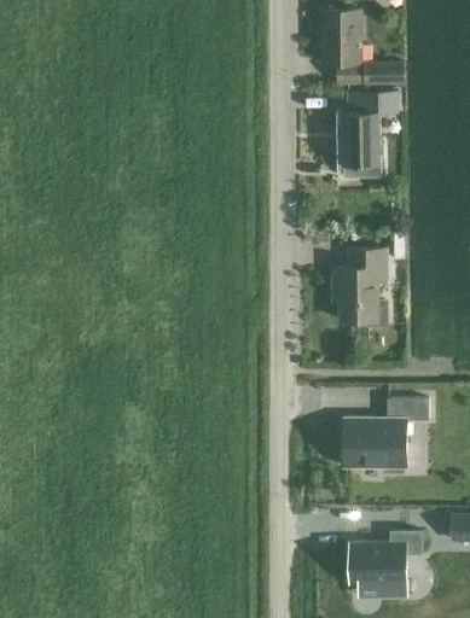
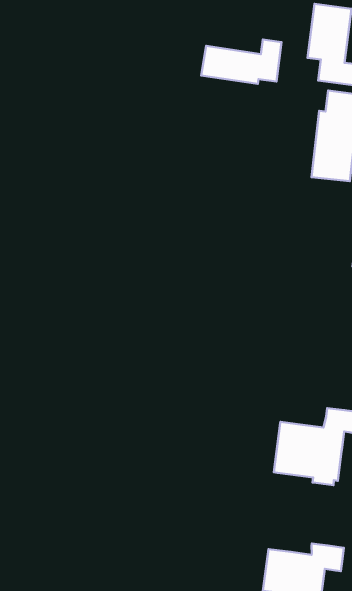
building: none -> [201,40,282,84]
building: [332,249,387,326] -> none

